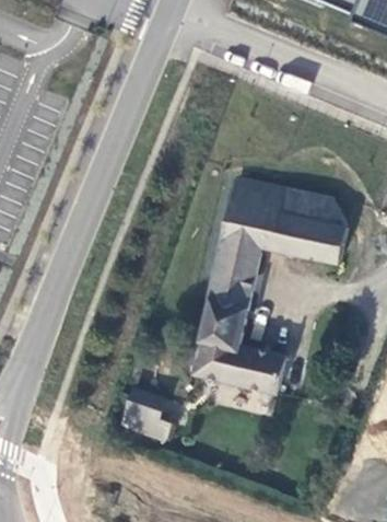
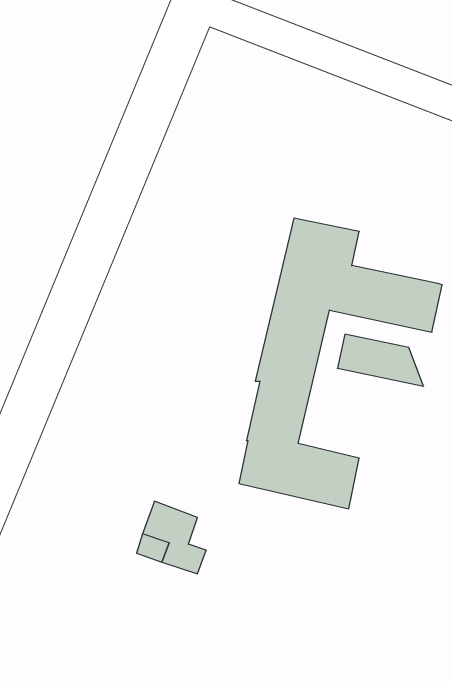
building: [277,187,340,225] -> [337,334,424,386]

